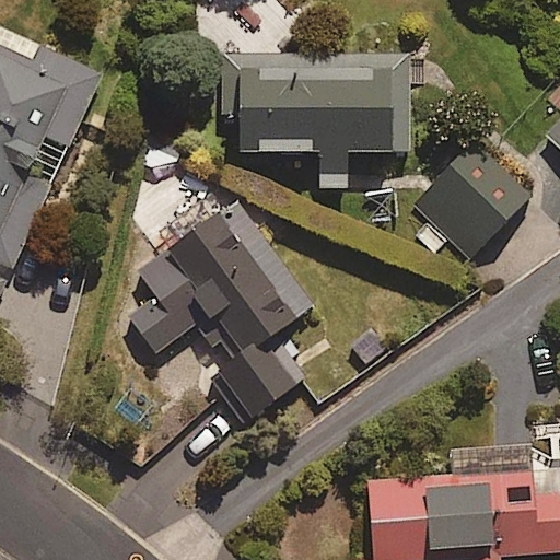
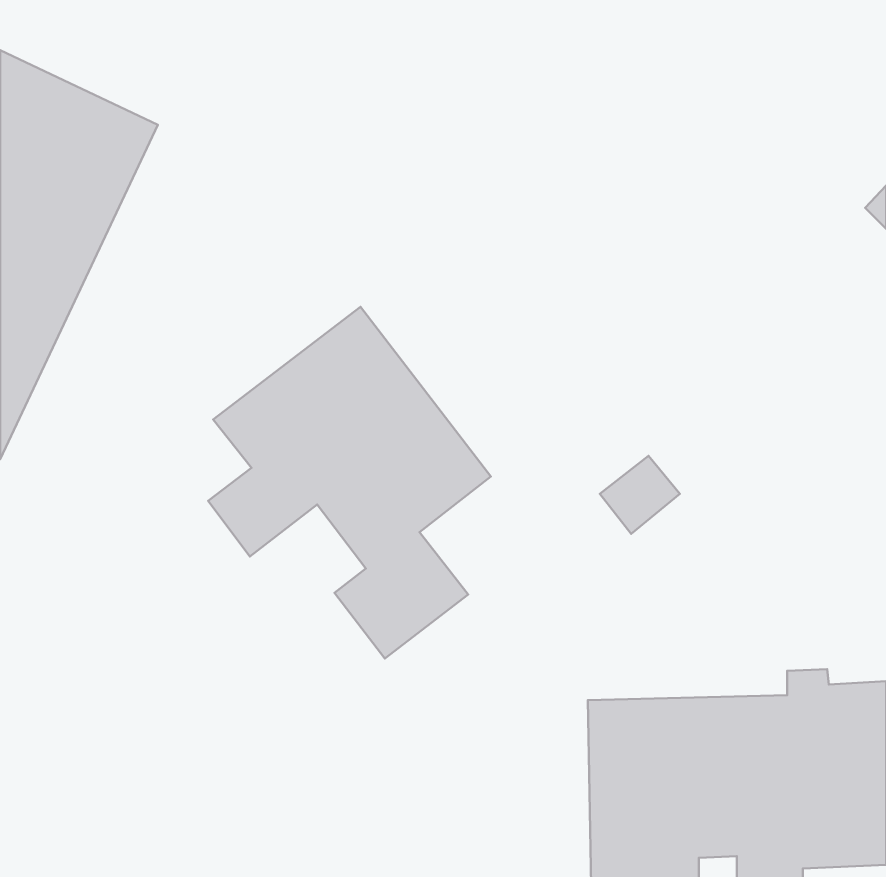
building: [225,56,413,190] -> none
building: [411,143,529,278] -> none

